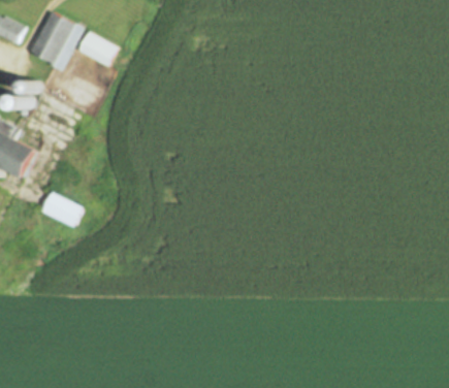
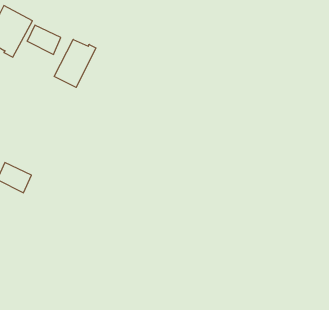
building: none -> [54,39,96,87]

